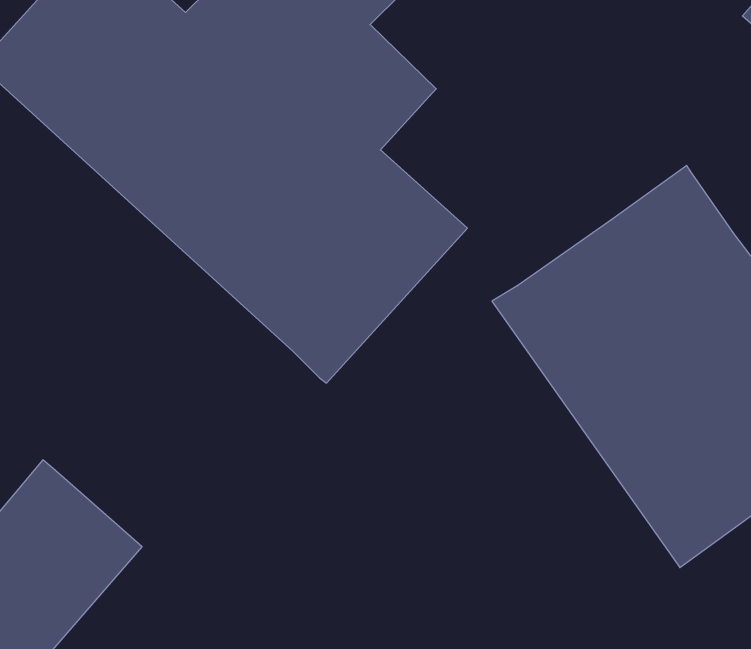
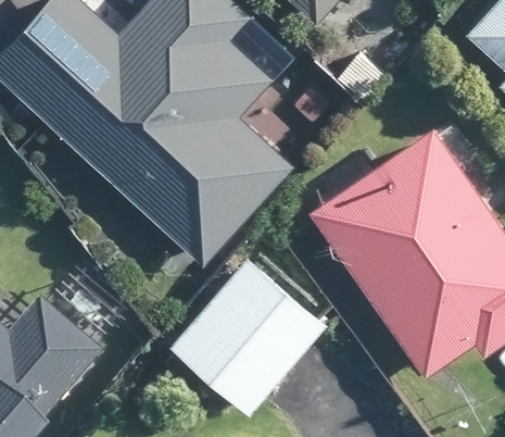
building: none -> [169,258,325,415]

